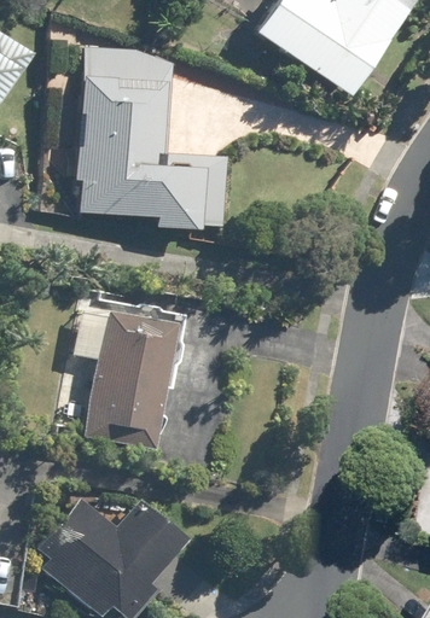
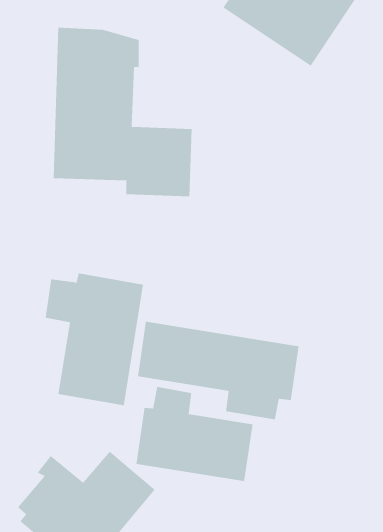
building: none -> [137,321,299,420]
building: none -> [136,386,253,482]

